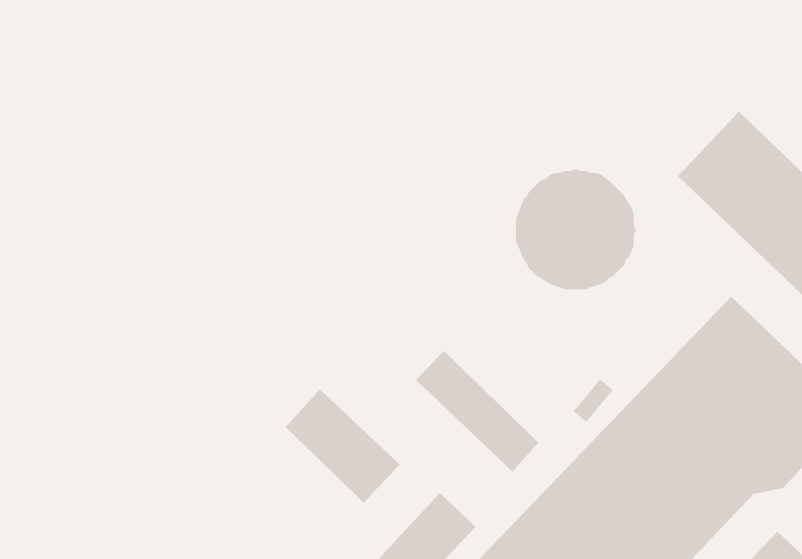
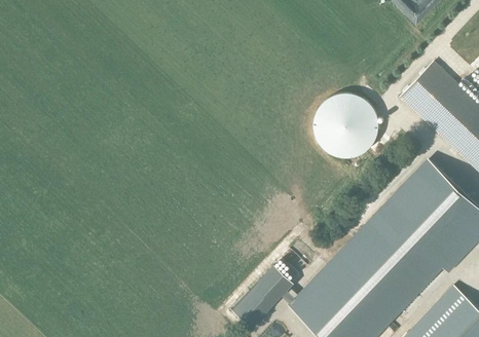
building: [415,350,539,473] -> none
building: [285,389,401,503] -> none

